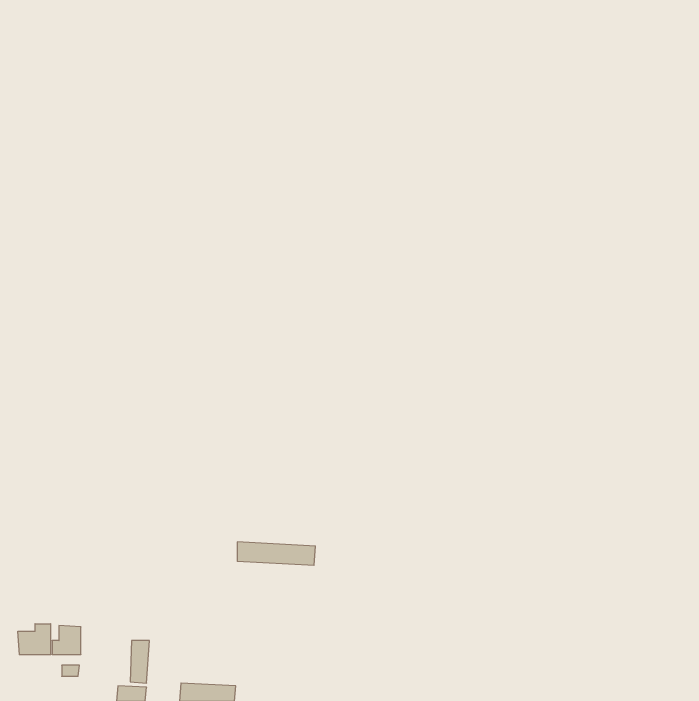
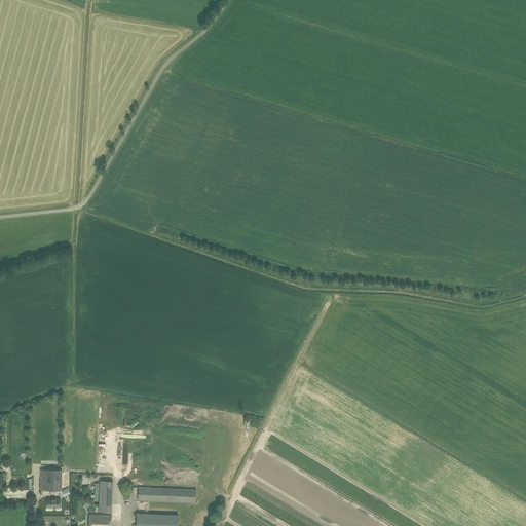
building: [237,542,315,565] -> [137,486,195,503]
building: [18,624,51,655] -> none

